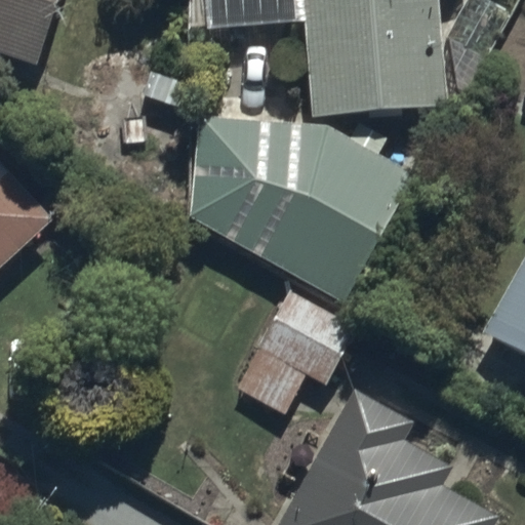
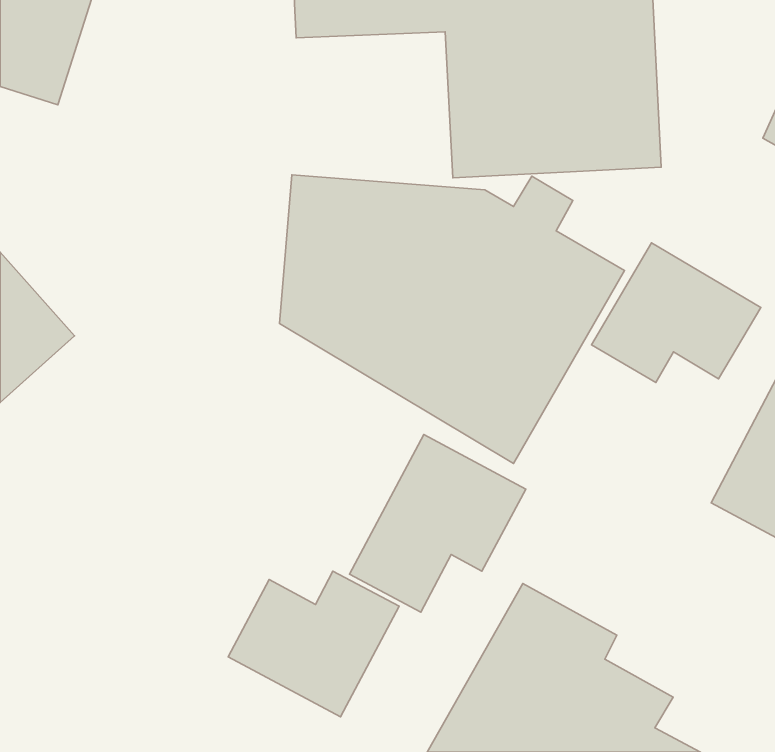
building: none -> [591,243,761,382]
building: none -> [228,571,399,717]

